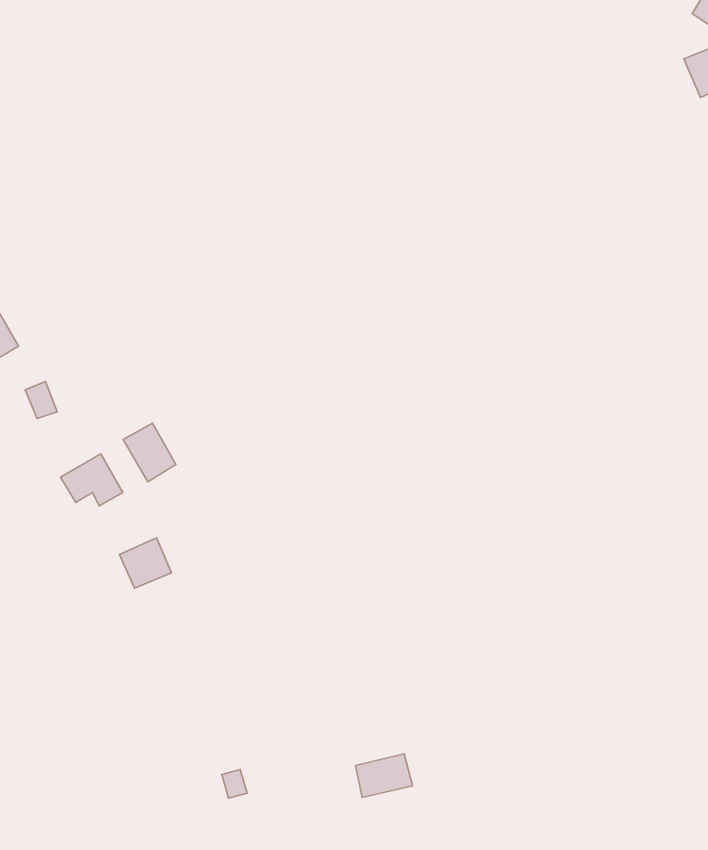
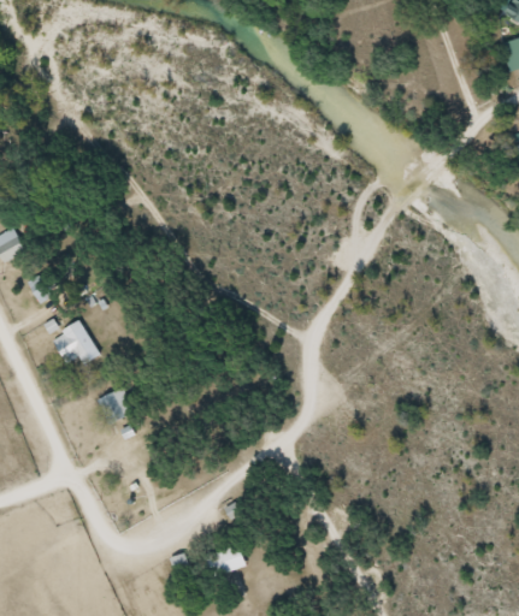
building: [123,423,176,482] -> none
building: [355,754,412,798] -> [205,545,246,576]

